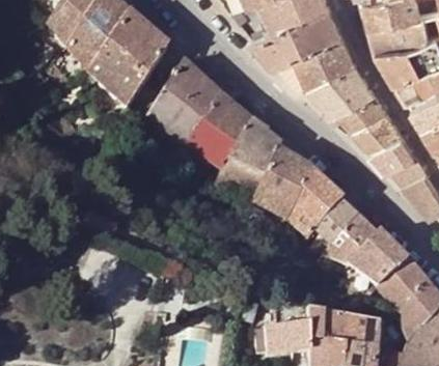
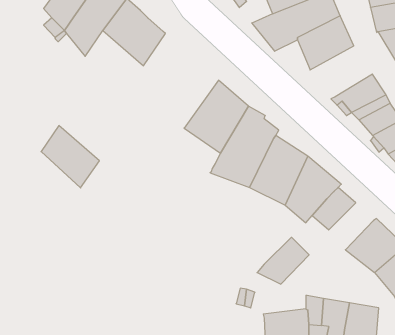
building: [86,44,144,106] -> [41,126,99,188]
building: [145,59,219,141] -> none
building: [310,59,373,110] -> none
building: [322,216,374,262] -> [257,237,309,284]

